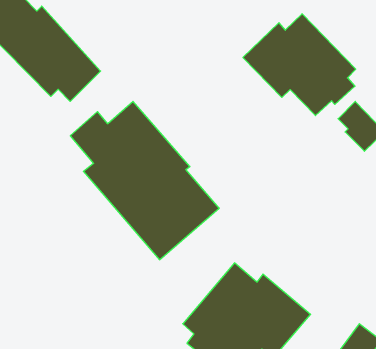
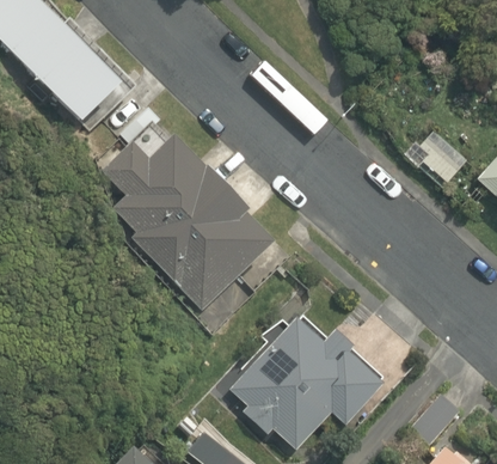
building: [243,14,356,116] -> none

